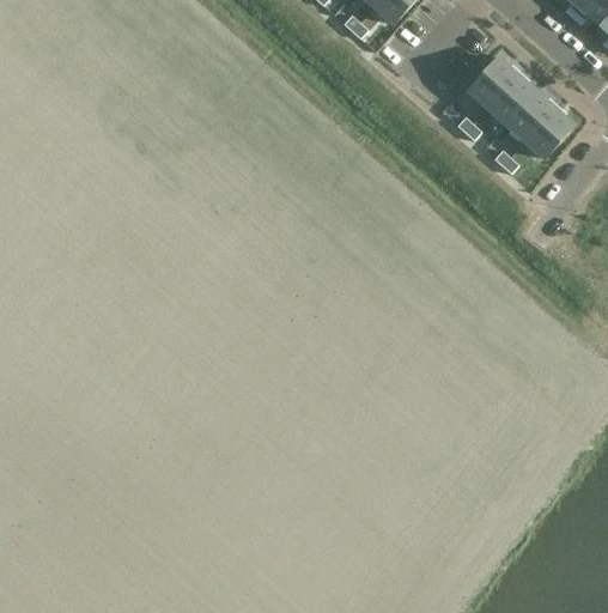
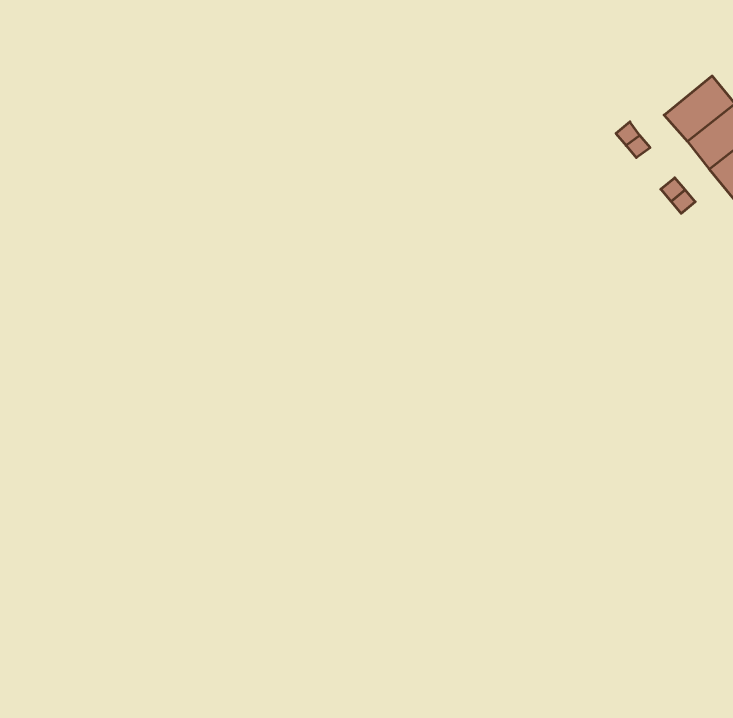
building: [468,57,516,108] -> none

